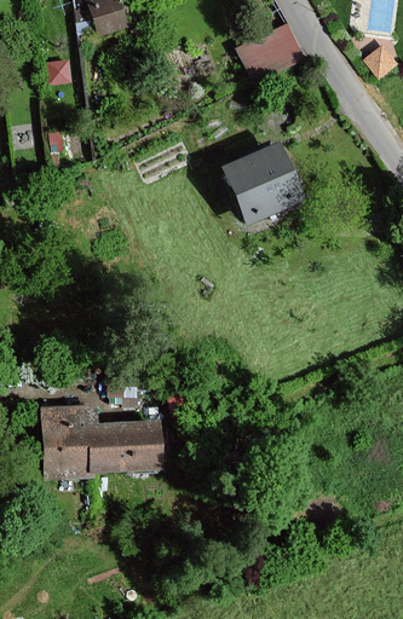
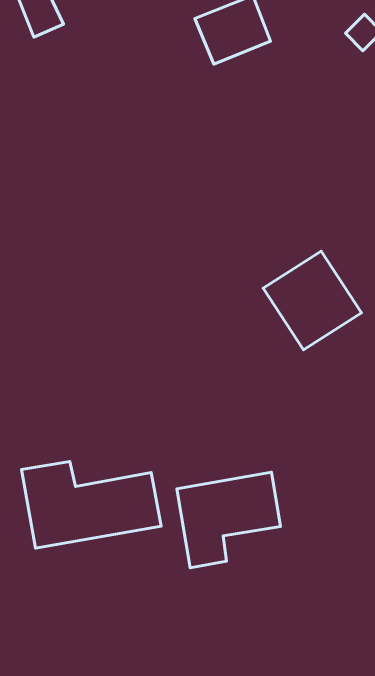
building: [215,145,298,228] -> [263,251,361,350]
building: none -> [177,472,280,568]

